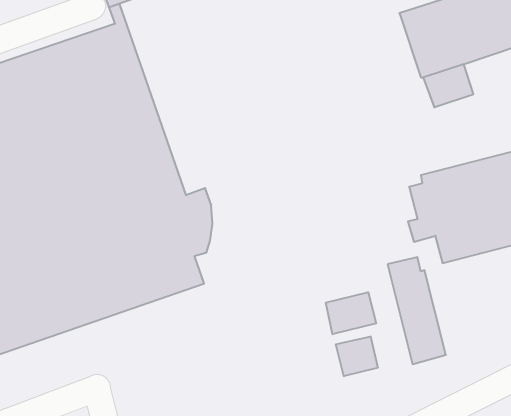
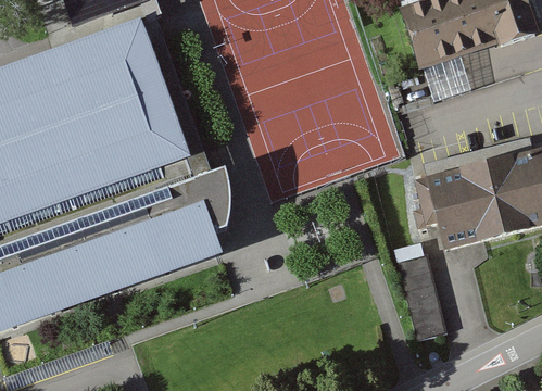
building: [326,292,376,334] -> none
building: [336,336,378,376] -> none

